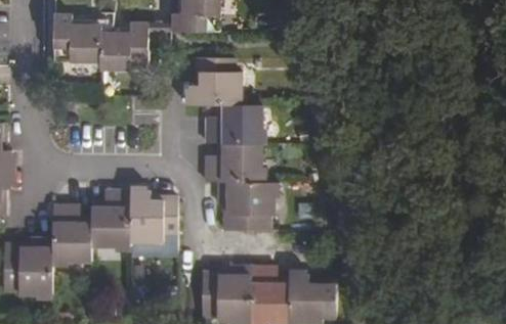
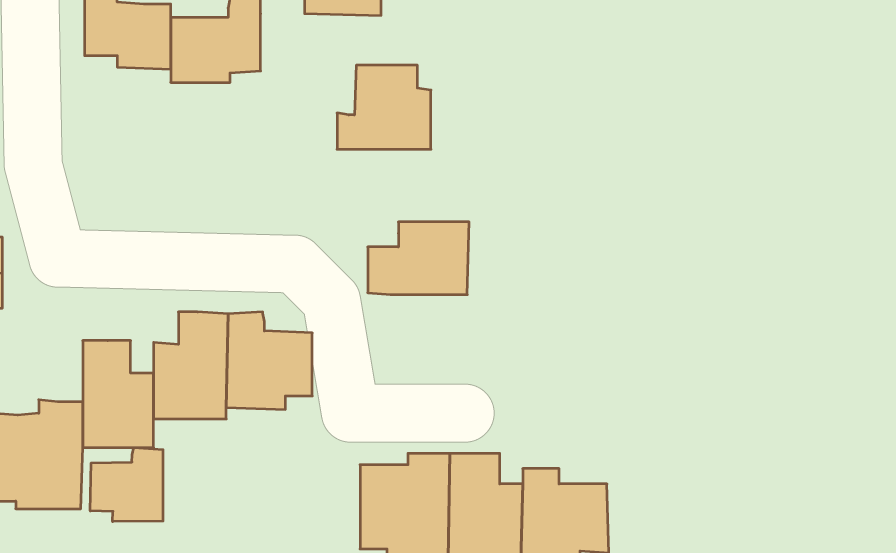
building: [206,103,260,142] -> none
building: [218,181,273,230] -> none
building: none -> [90,448,163,522]

